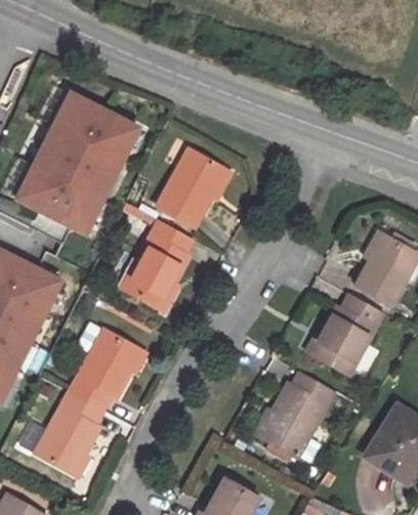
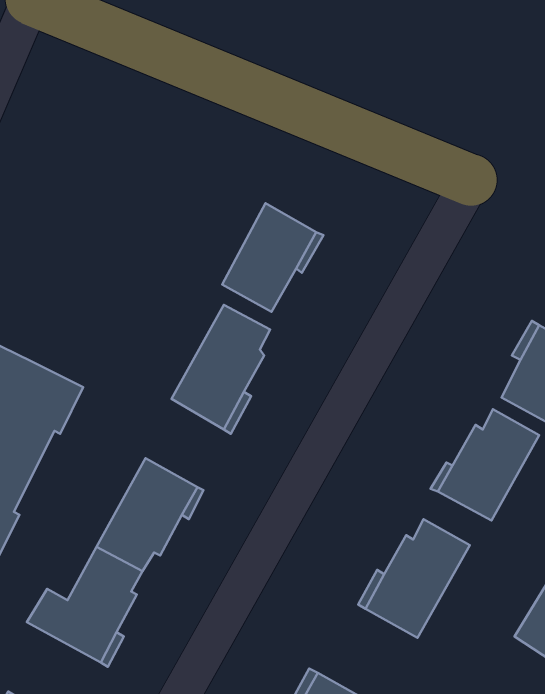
building: [16,93,138,233] -> none

